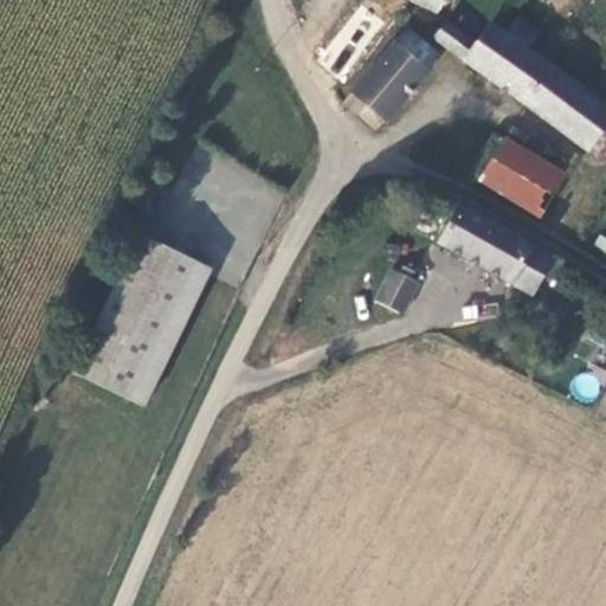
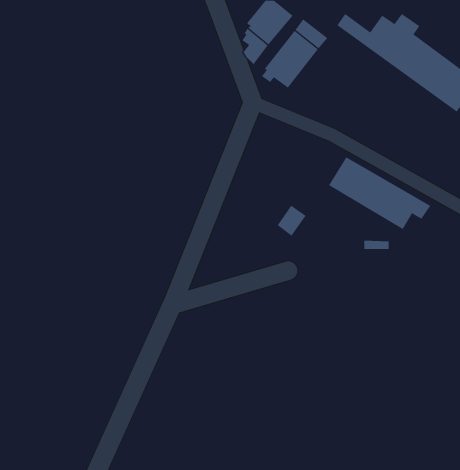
building: [479,140,567,220] -> none
building: [82,243,202,404] -> none

